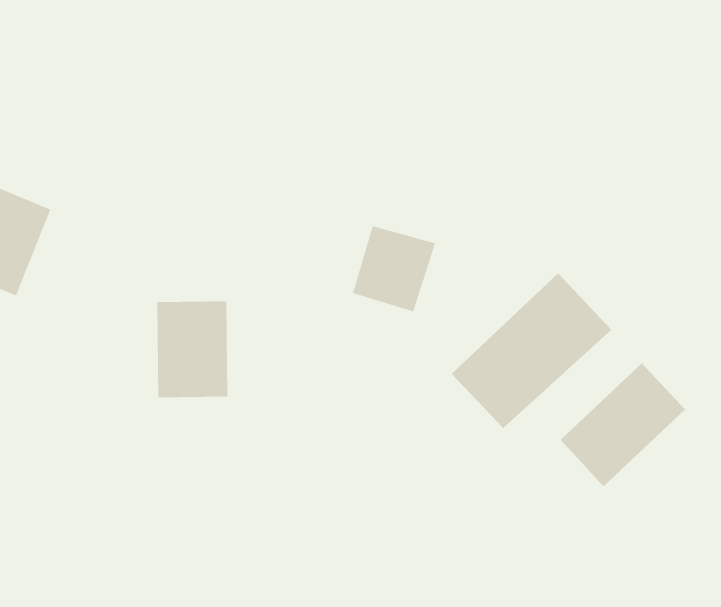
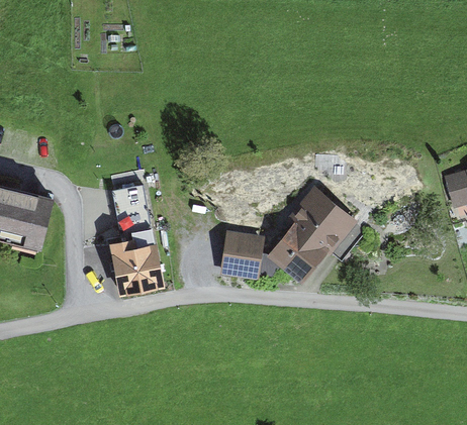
building: [352,226,436,312] -> [218,232,258,274]
building: [560,363,686,487] -> none

